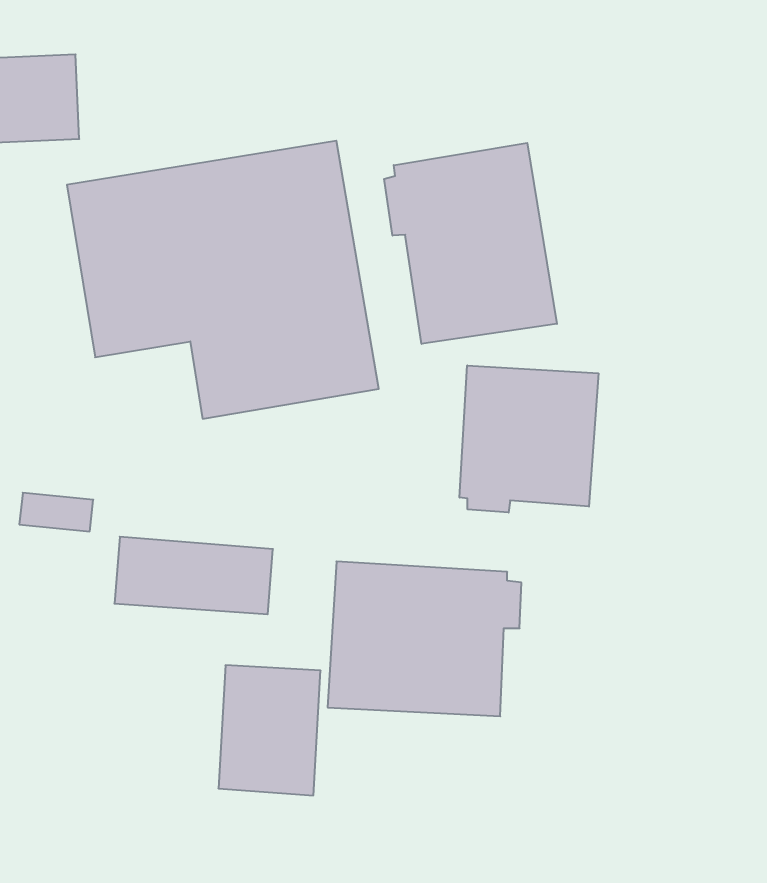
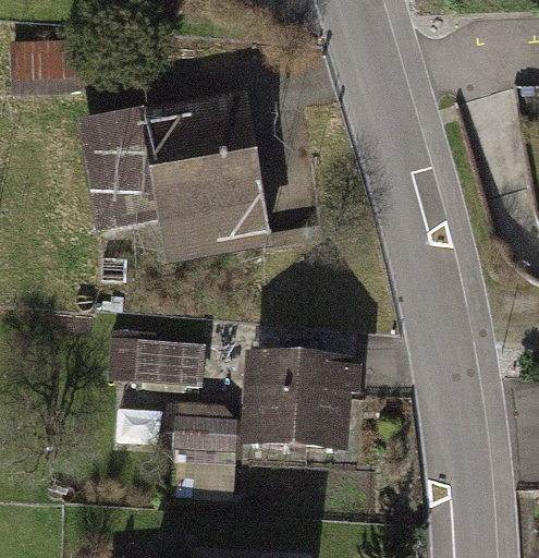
building: [384,143,557,344] -> none
building: [460,365,598,513] -> none

